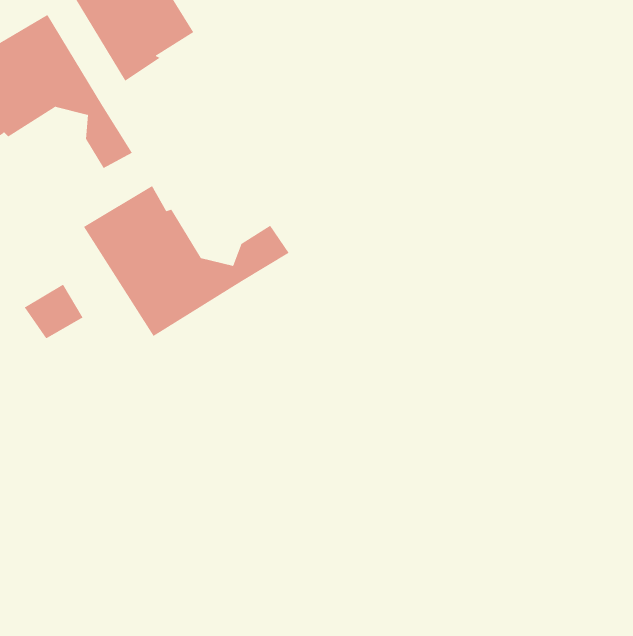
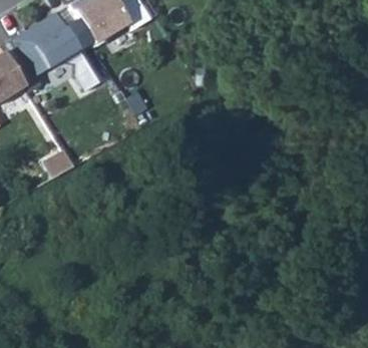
building: [83,185,290,337] -> none

